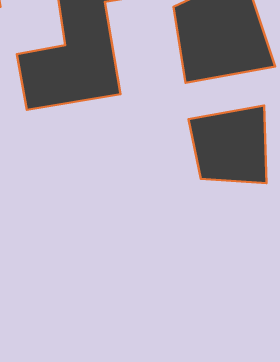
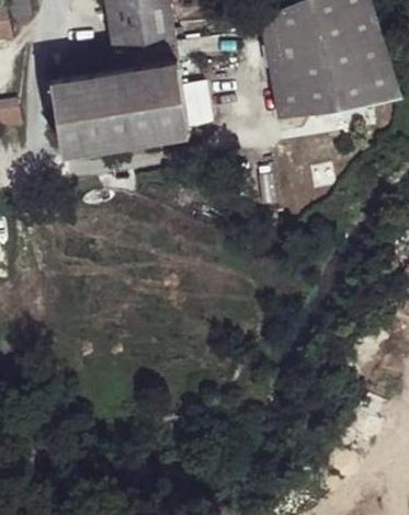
building: [189,105,266,183] -> none

